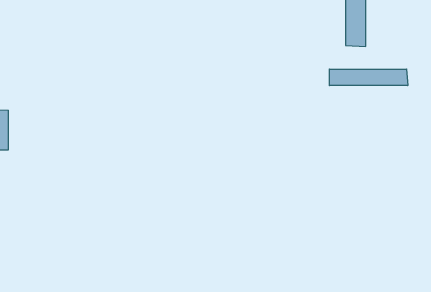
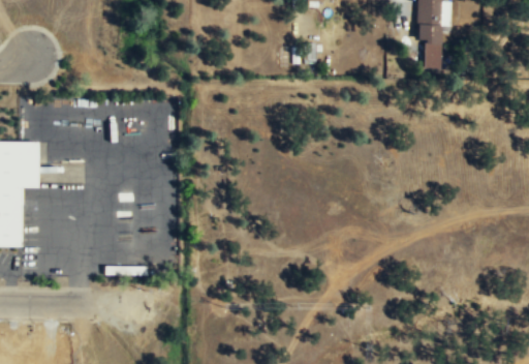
building: [329,69,408,86] -> none

